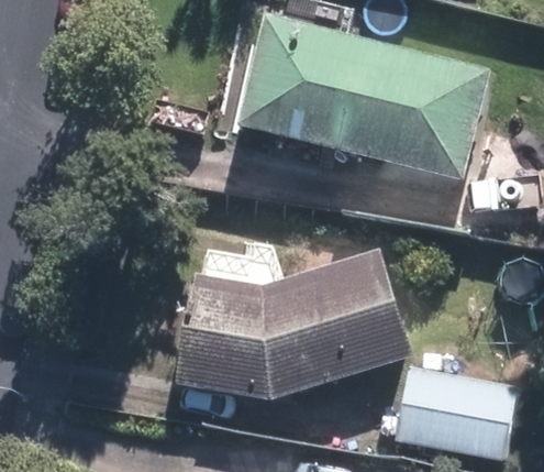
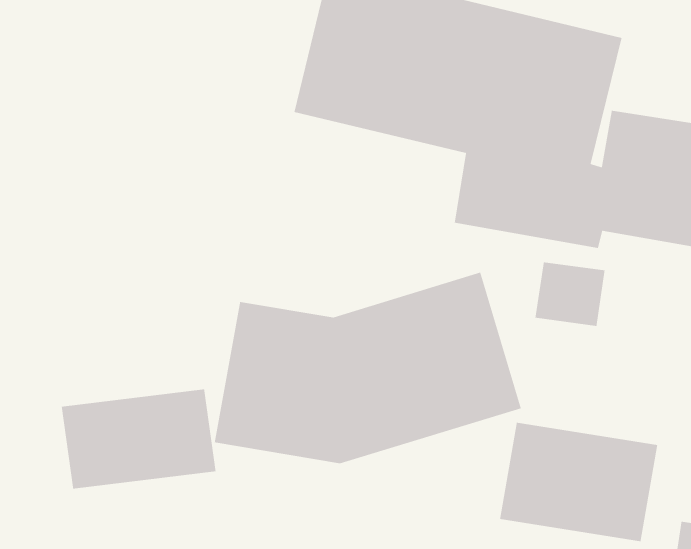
building: none -> [61,388,216,490]

